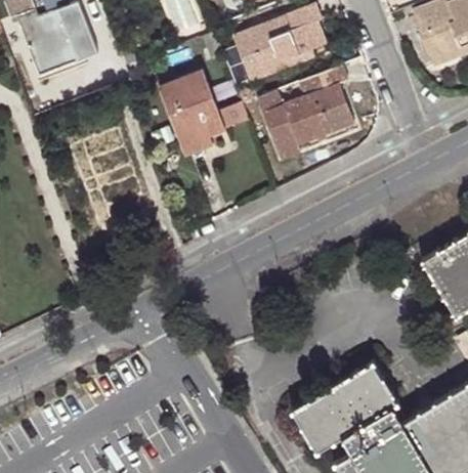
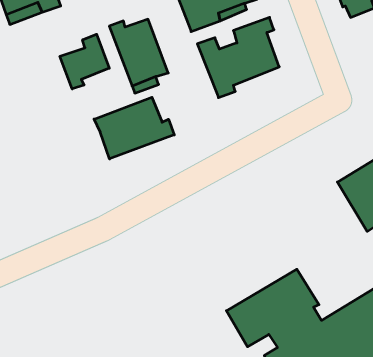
building: none -> [60,34,109,89]
building: none -> [94,97,174,159]

